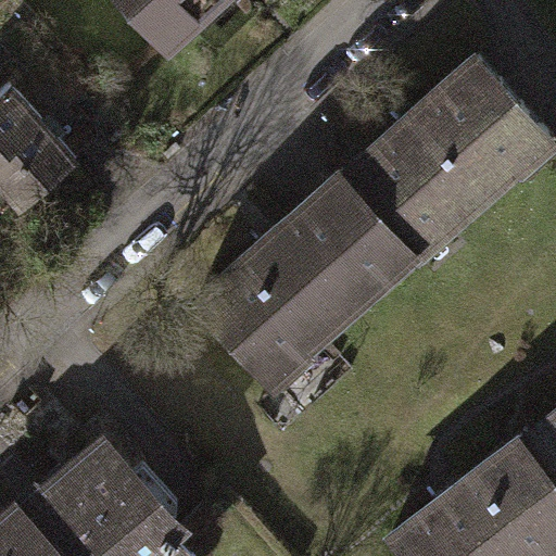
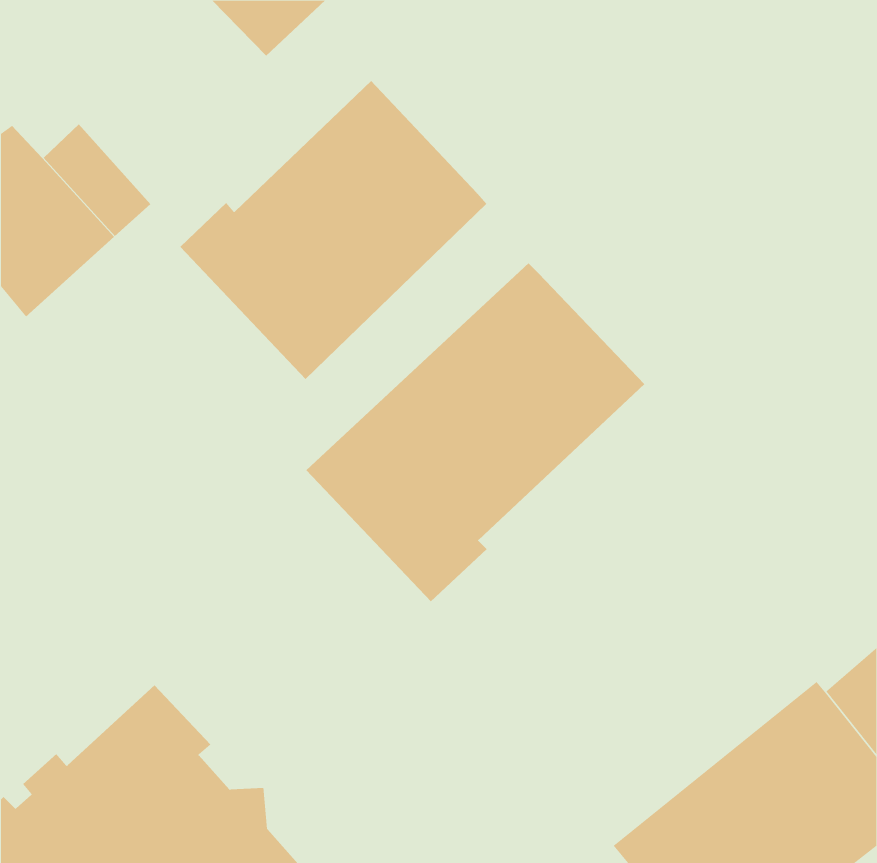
building: [341,59,547,261] -> none
building: none -> [180,80,487,380]

